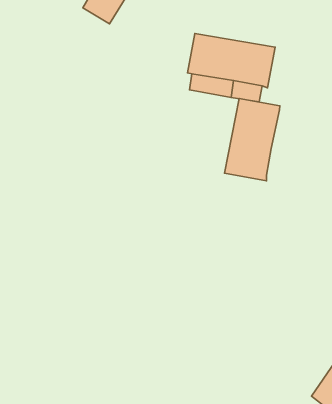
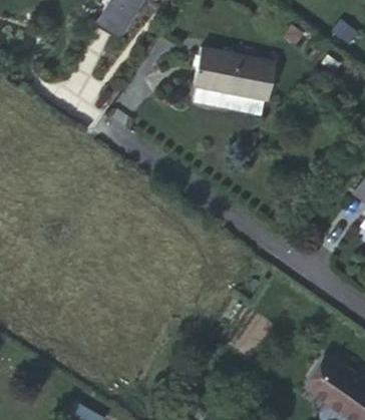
building: [225,99,280,181] -> none

